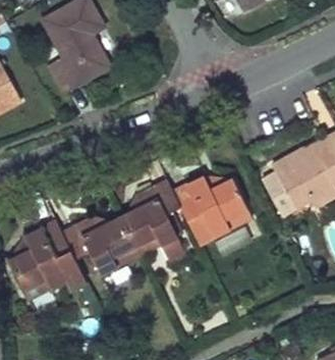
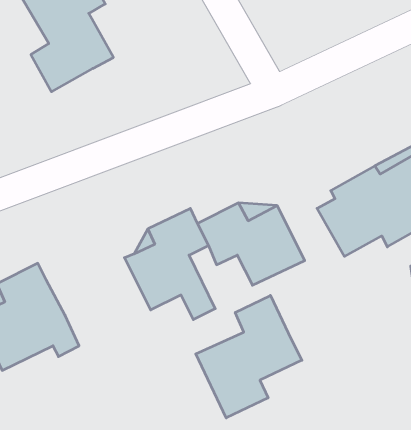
building: [61,215,138,273] -> none
building: none -> [196,295,302,418]

